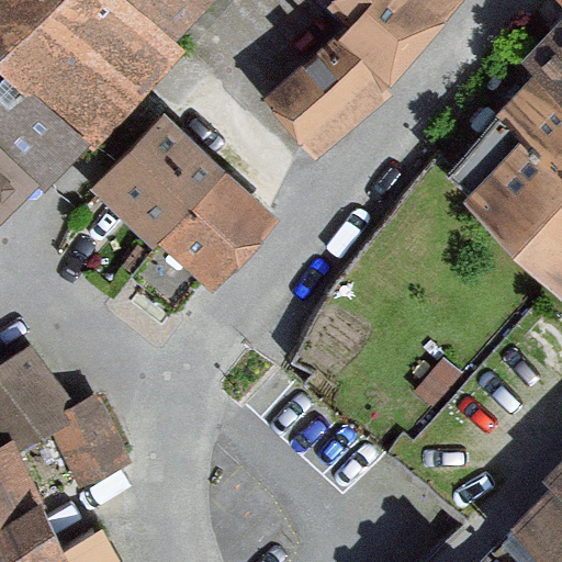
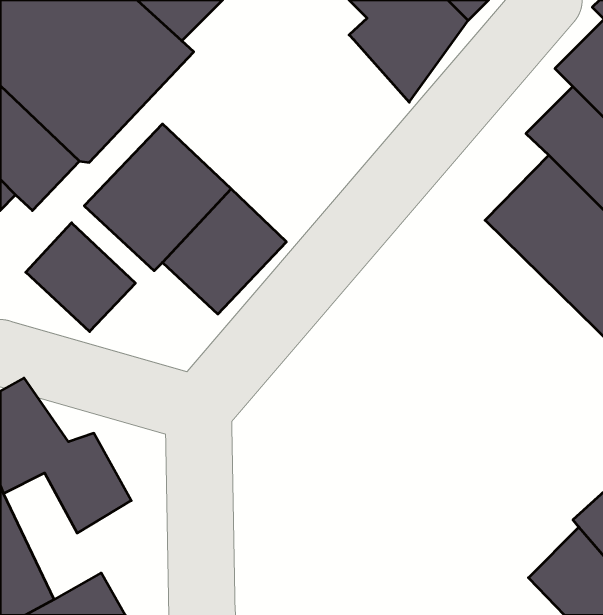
building: [262,36,387,160] -> none
building: none -> [26,223,135,332]

